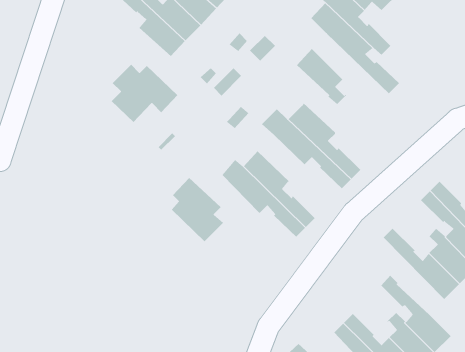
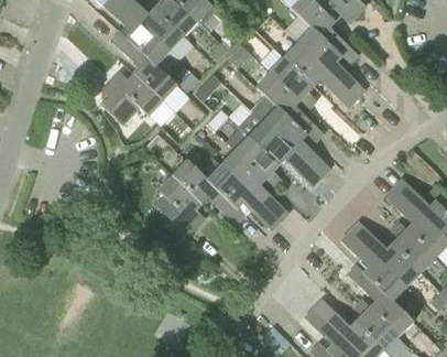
building: none -> [110,31,176,100]
building: none -> [285,44,356,108]
building: none -> [255,73,324,143]
building: none -> [236,137,282,188]
building: none -> [173,161,246,225]
building: none -> [341,230,406,301]

